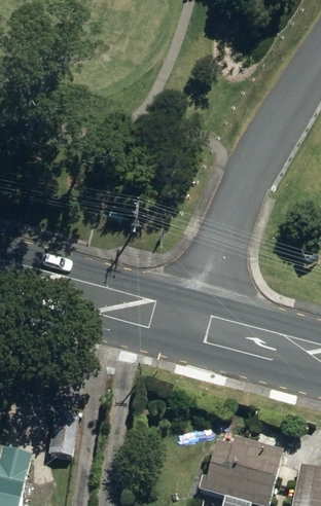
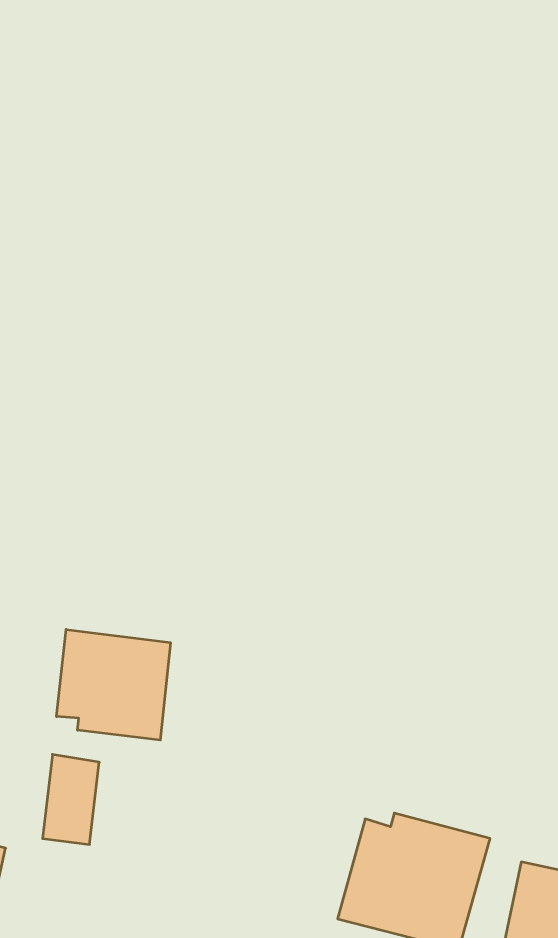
building: none -> [57,629,170,740]

